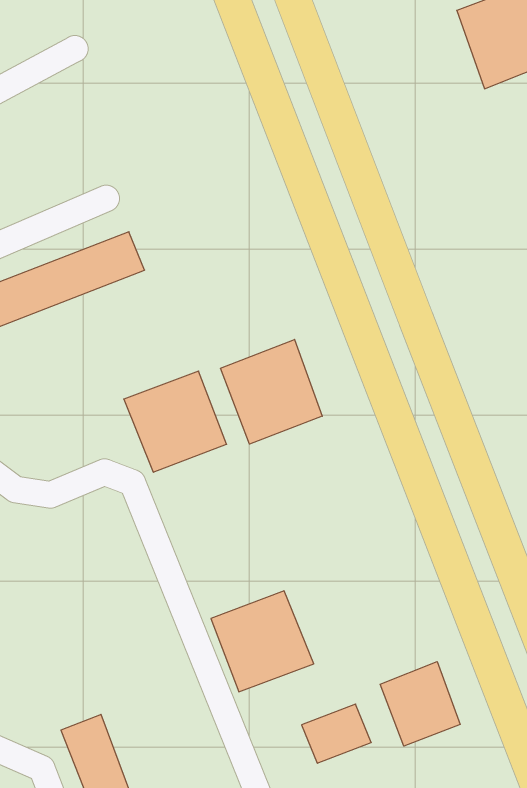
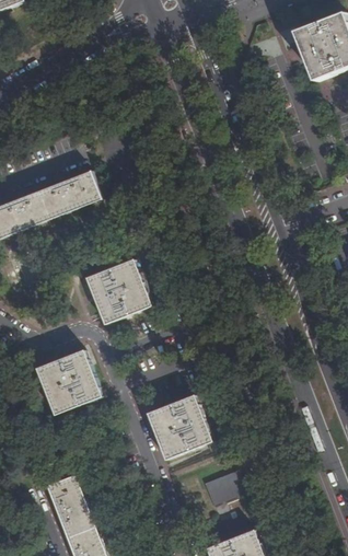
building: [221,339,322,444] -> none
building: none -> [37,349,101,414]
building: [380,662,460,746] -> none

